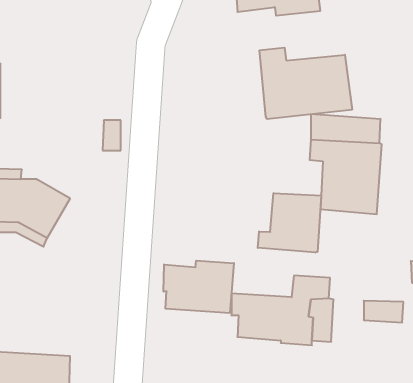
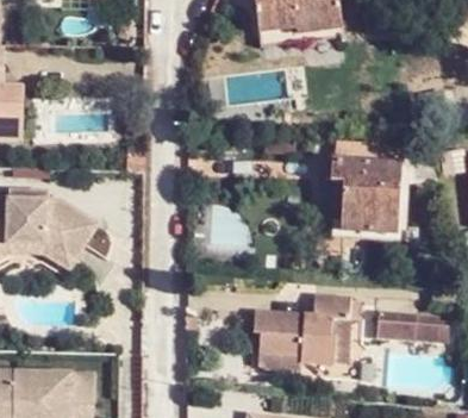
building: [260,48,352,119] -> none
building: [258,193,321,253] -> none
building: [164,261,234,313] -> none

